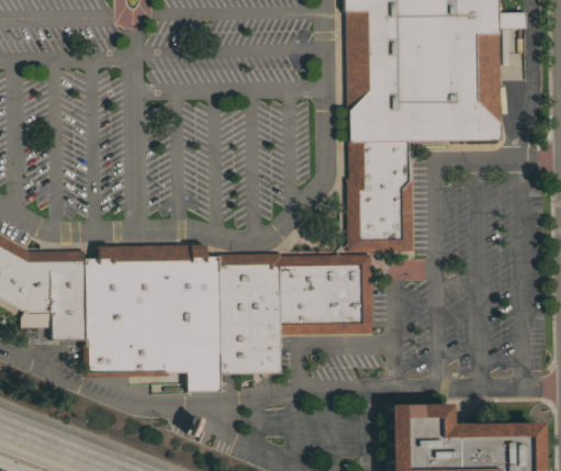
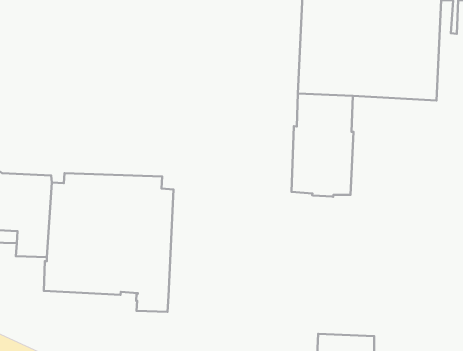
building: [218,253,372,373] -> none

